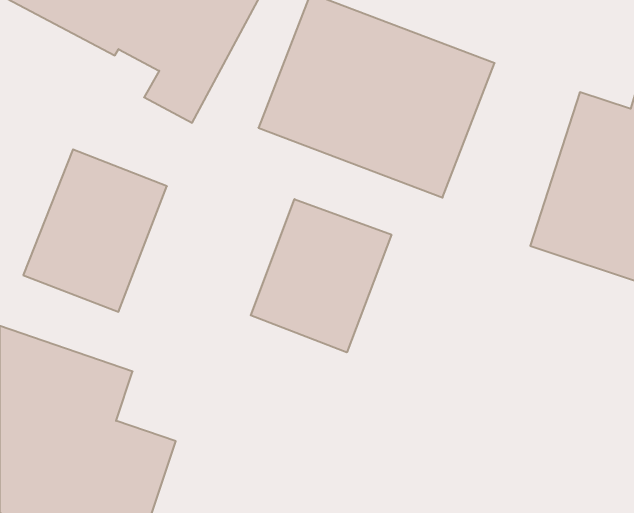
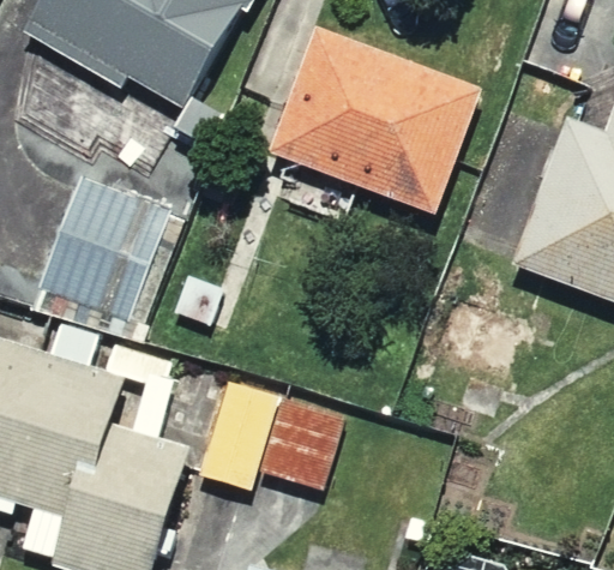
building: [251,199,391,352] -> none
building: none -> [200,380,349,490]

